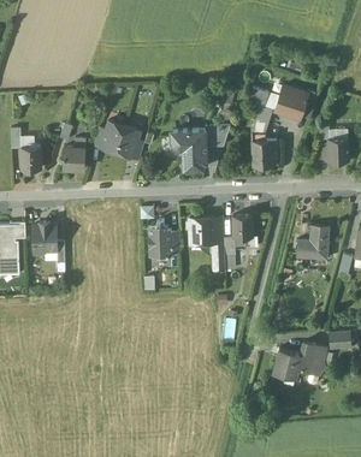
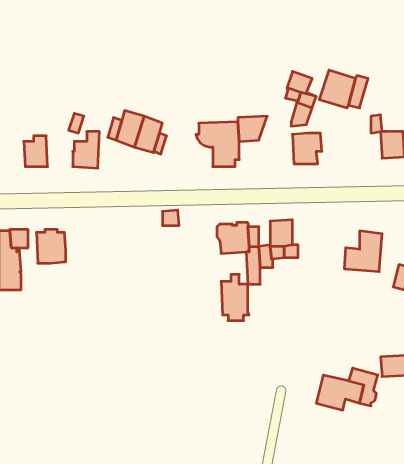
building: [149,220,173,260] -> [221,274,249,321]

